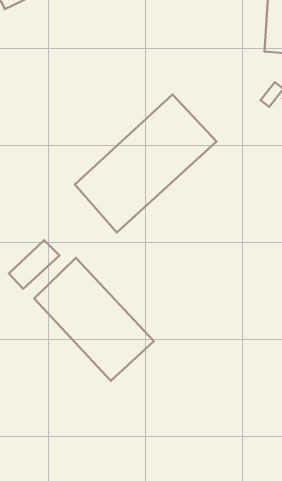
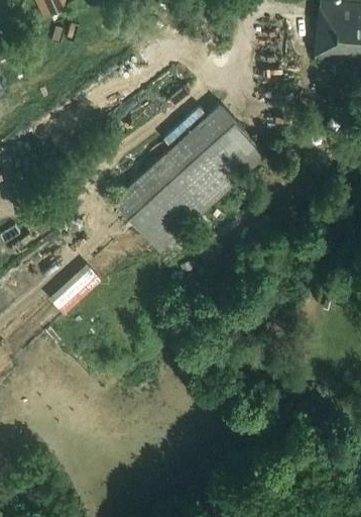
building: [34,258,154,381] -> none

